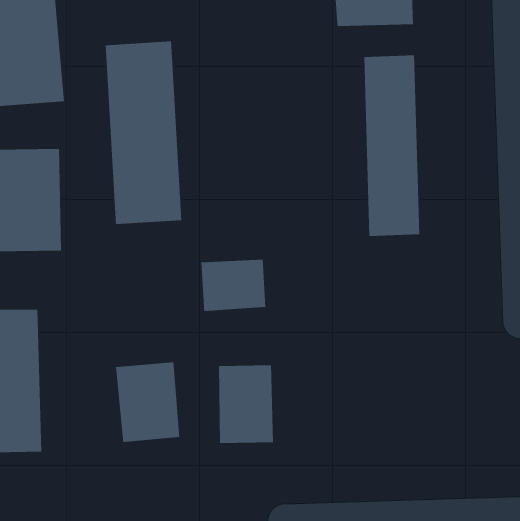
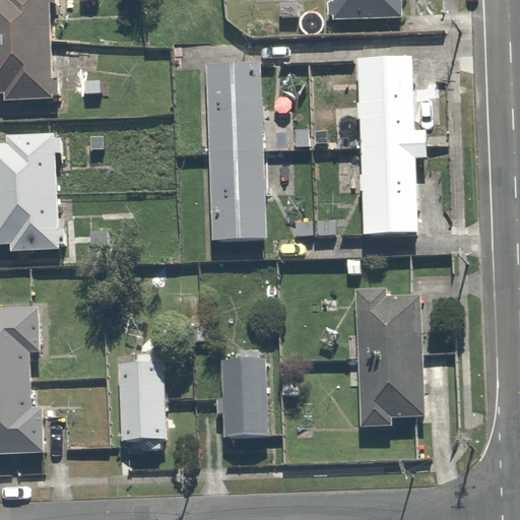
building: [105,41,182,225] -> [201,53,277,235]
building: [201,259,266,312] -> none
building: none -> [351,294,424,419]

